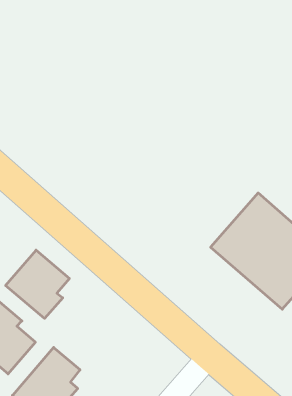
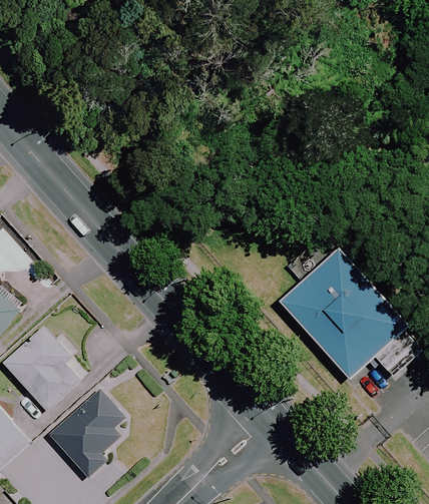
building: [6,250,69,318] -> none

